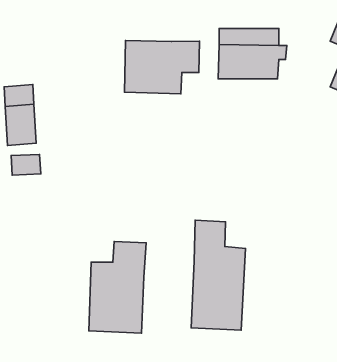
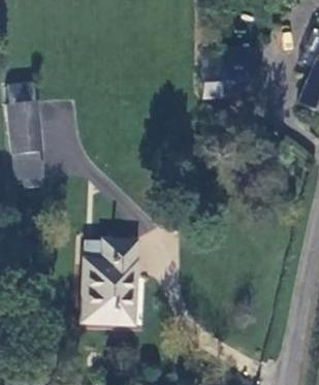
building: [125,40,200,94] -> none
building: [191,220,245,330] -> none

